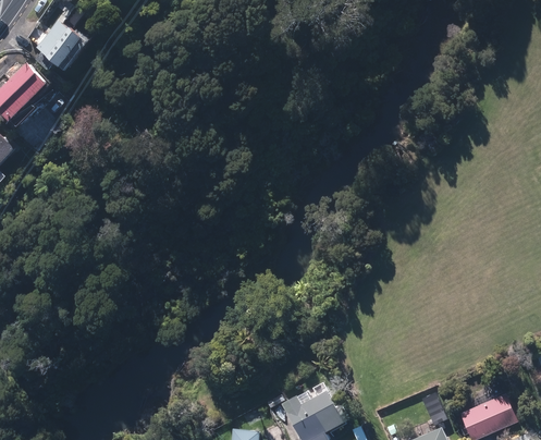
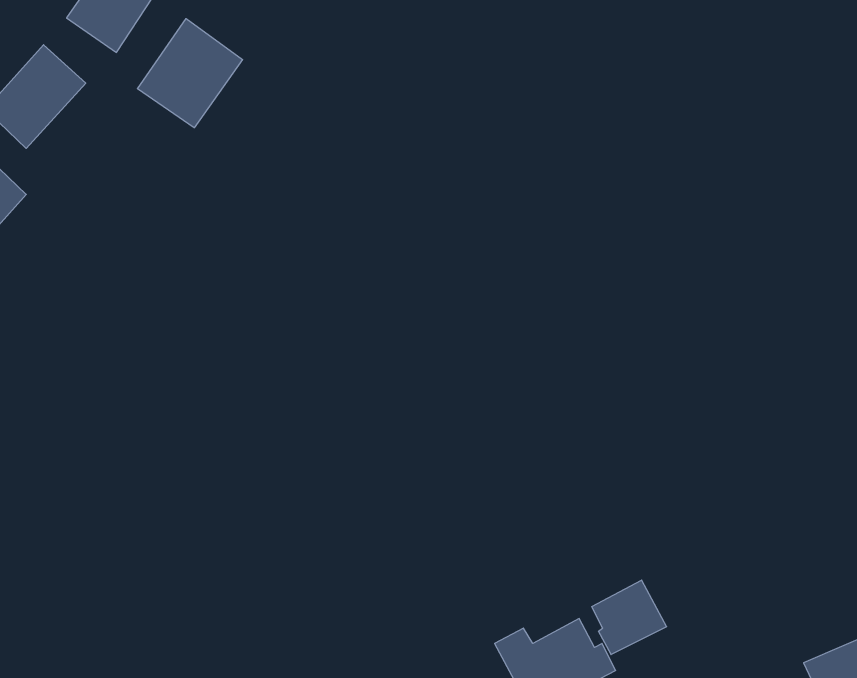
building: none -> [137,19,243,128]
building: none -> [592,580,667,655]

